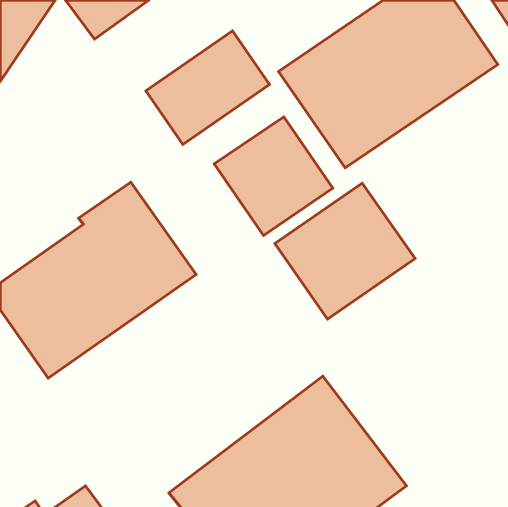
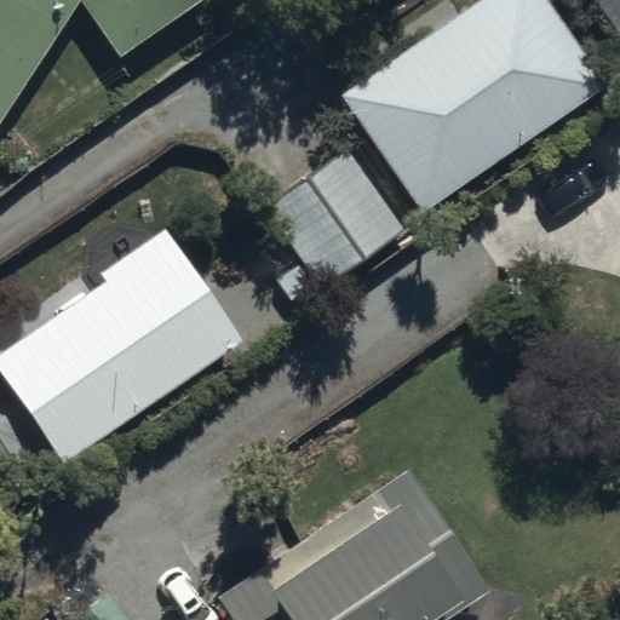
building: [146,31,269,145] -> none
building: [275,183,415,319] -> none

